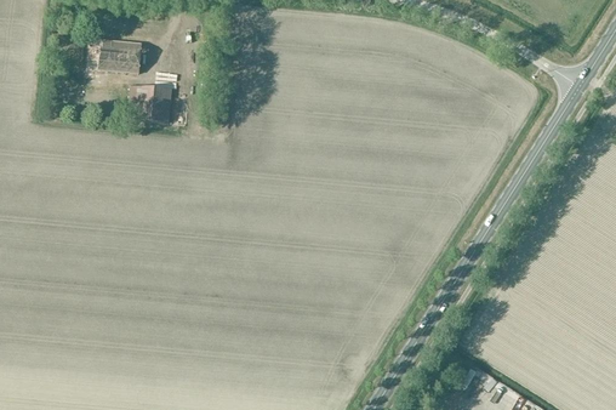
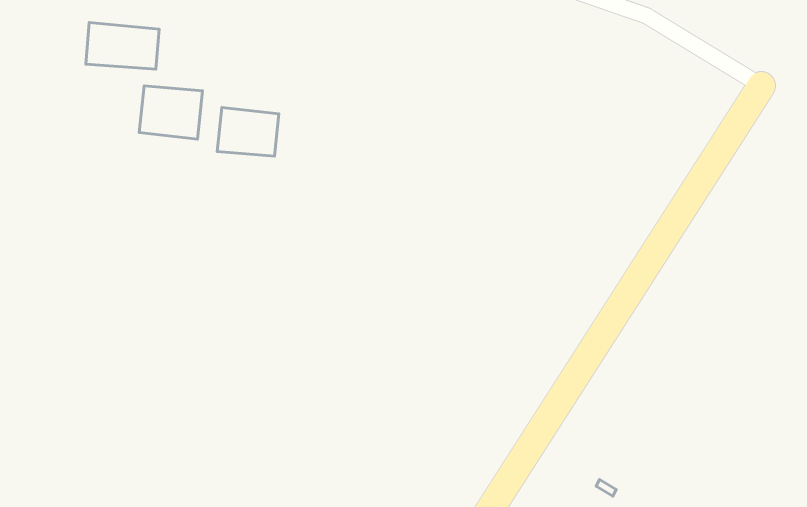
building: none -> [217,107,279,156]

